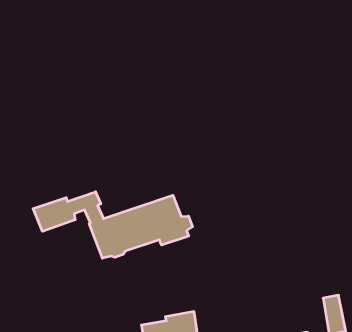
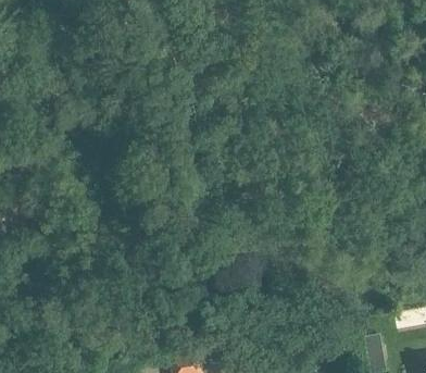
building: [33,192,193,258] -> none

